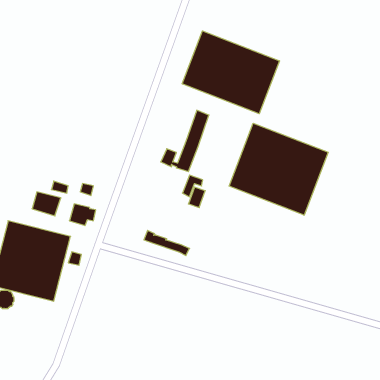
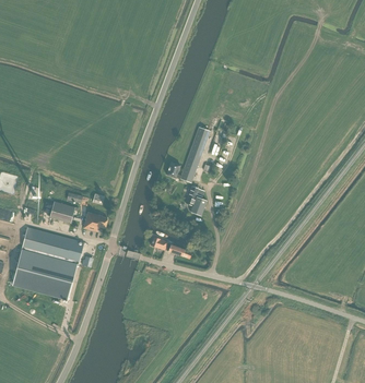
building: [182,31,279,114] -> none
building: [229,123,328,215] -> none

